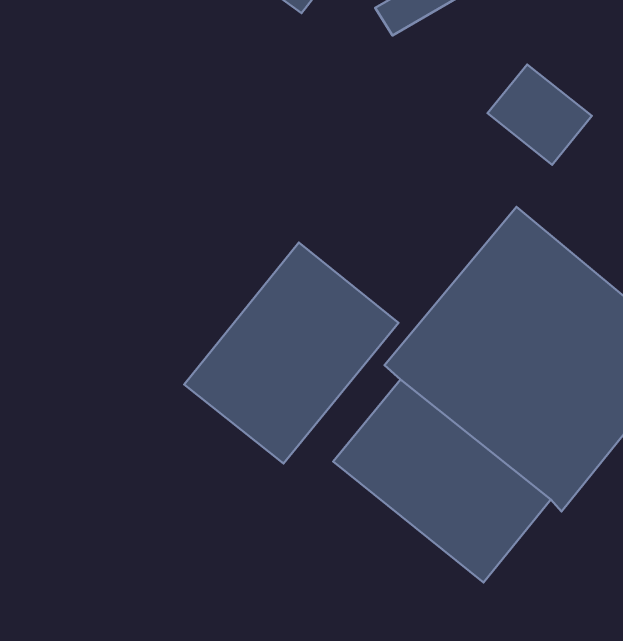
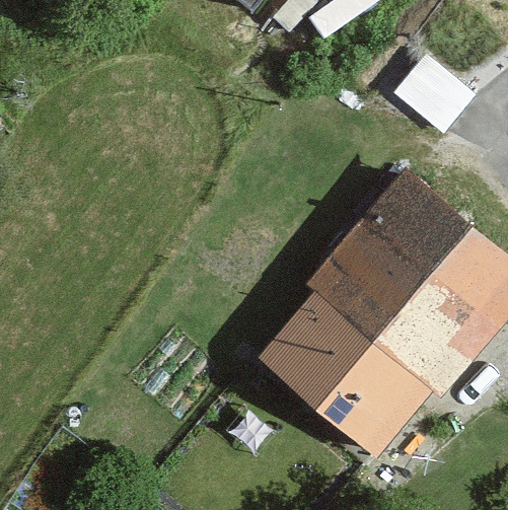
building: [184,243,399,463] -> none

